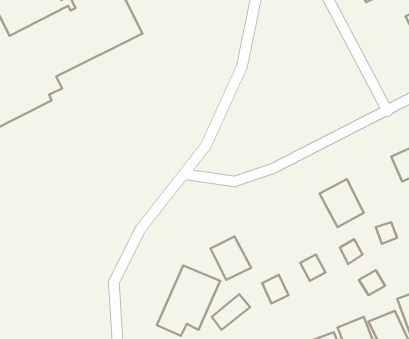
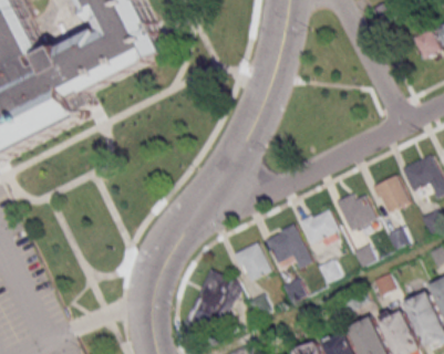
building: none -> [372,173,406,211]
building: none -> [299,206,340,243]
building: none -> [264,222,311,269]

